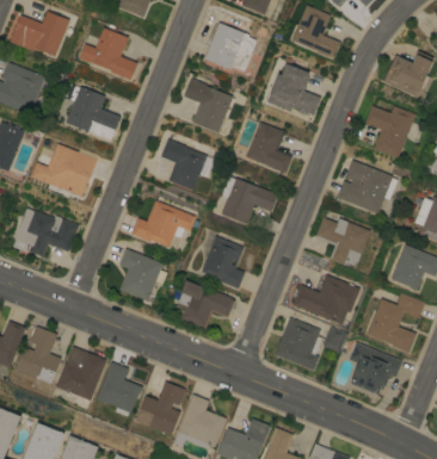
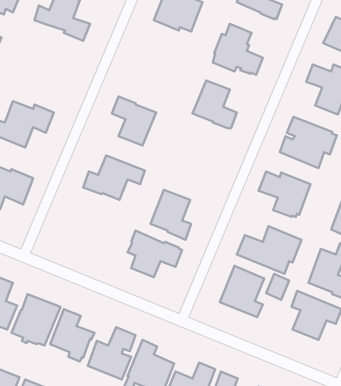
building: [183,79,234,131] -> none
building: [67,86,121,141] -> none
building: [218,174,277,223] -> none
building: [119,248,167,300] -> none

